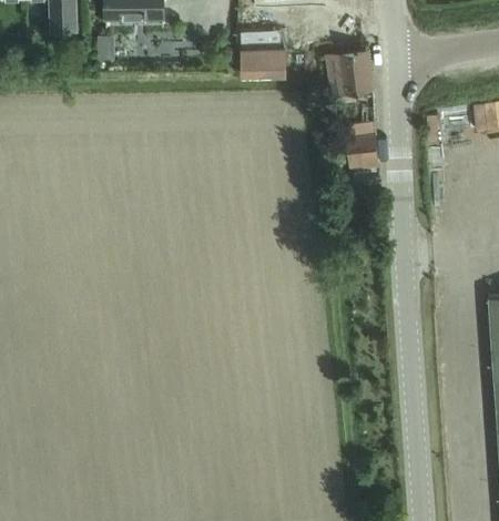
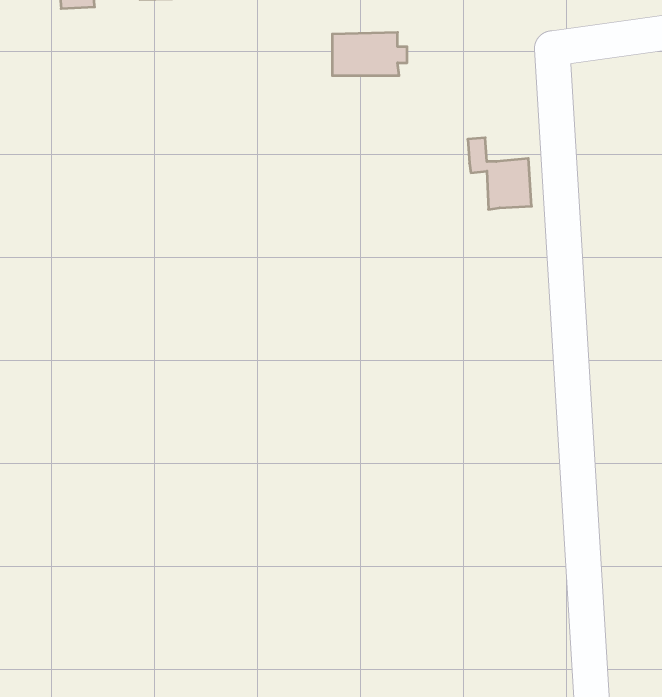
building: [332,50,369,99] -> none

